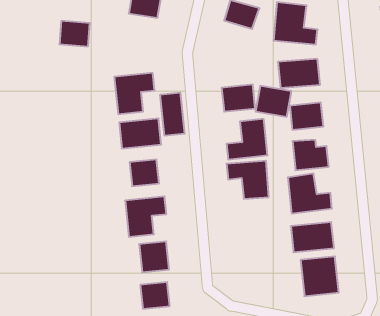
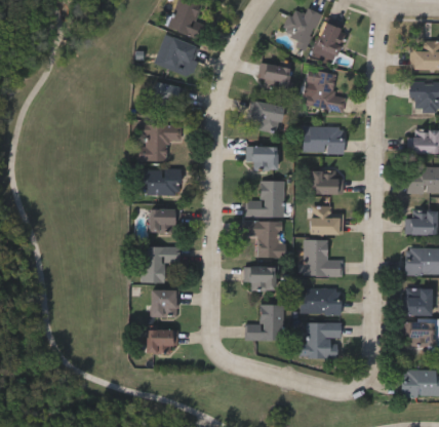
building: [59,21,90,46] -> [152,81,184,109]
building: [256,86,291,117] -> [248,100,285,132]
building: [160,93,185,136] -> none
building: none -> [244,266,276,290]
building: none -> [247,305,284,341]

